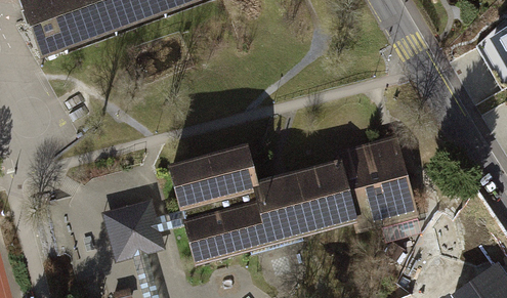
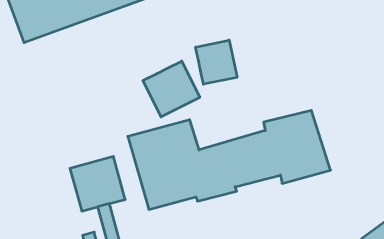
building: none -> [196,40,237,84]
building: none -> [143,61,200,117]

